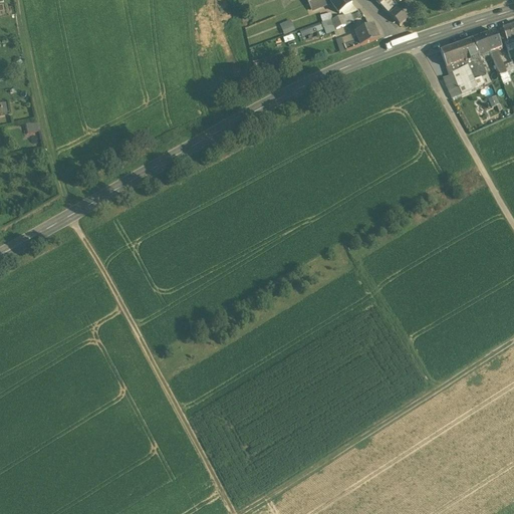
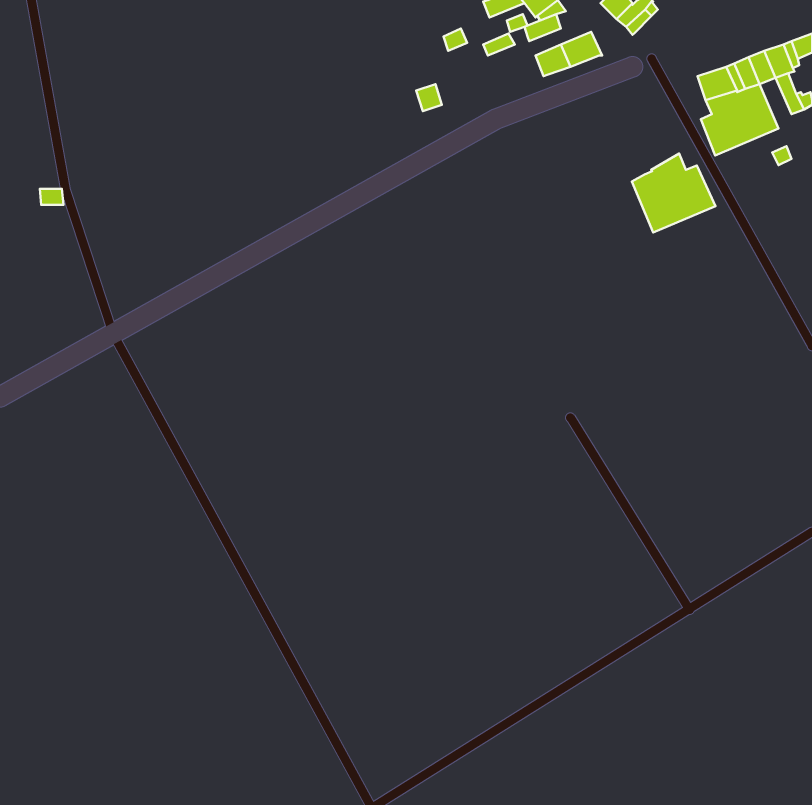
building: none -> [632,153,715,233]

